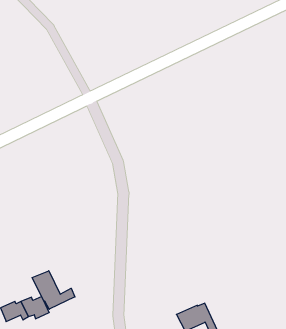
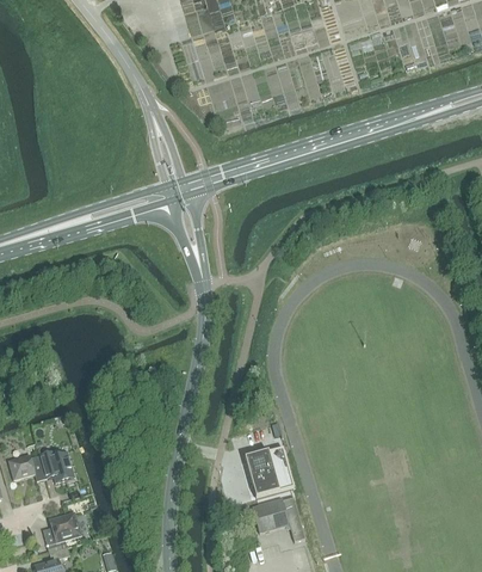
building: [32,271,75,309] -> none
building: none -> [242,454,293,498]

